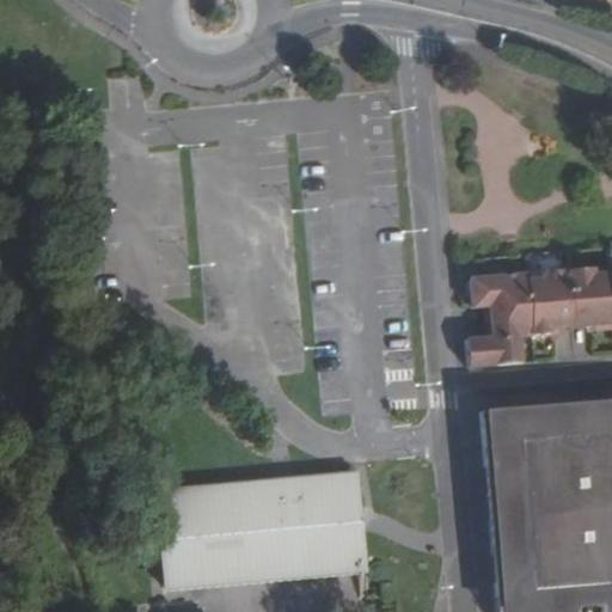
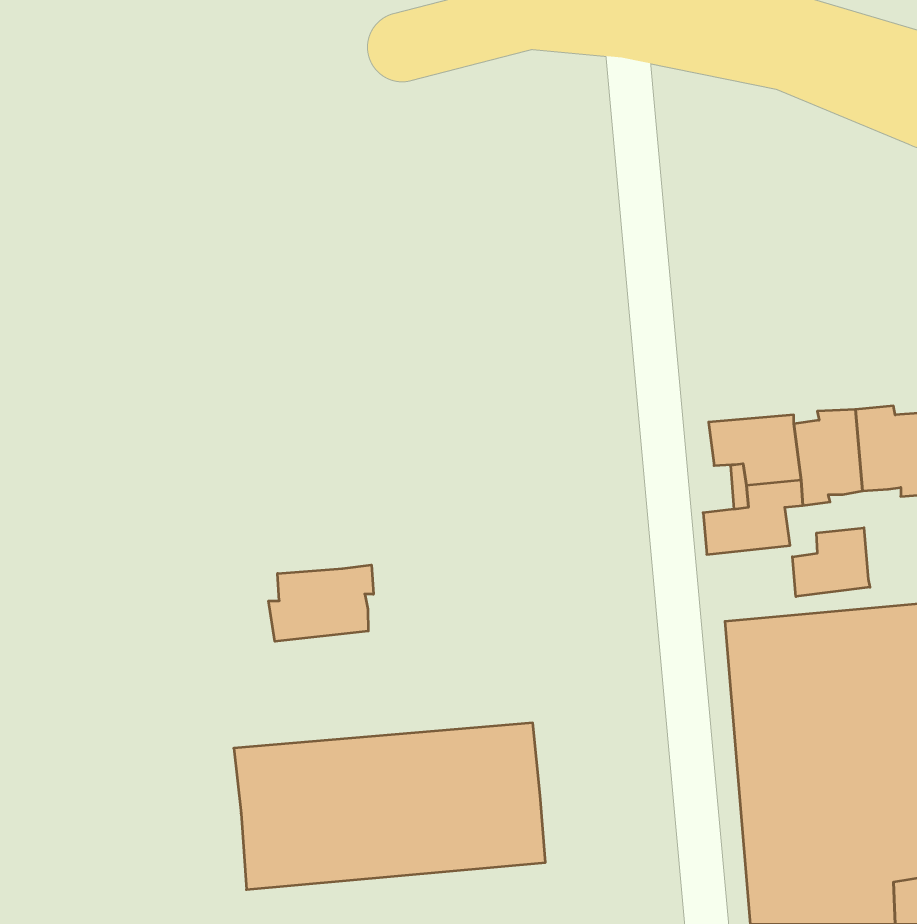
building: none -> [792,528,870,597]
building: none -> [269,565,373,641]

